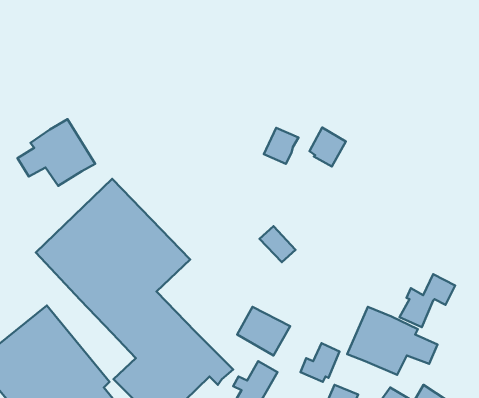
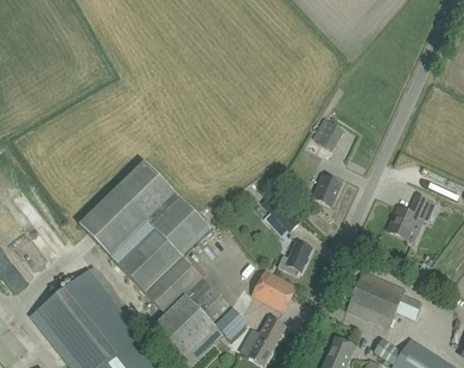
building: [18,119,95,186] -> none
building: [264,128,298,164] -> [312,175,342,205]
building: [400,274,455,327] -> [388,193,436,239]
building: [301,343,340,382] -> [278,241,311,274]

